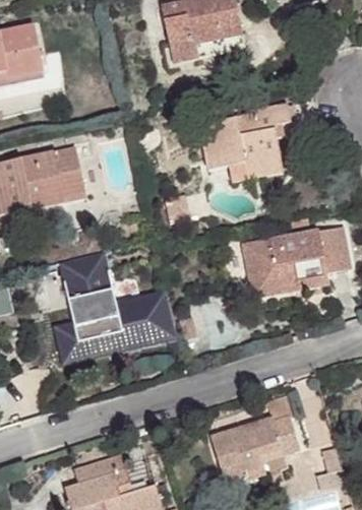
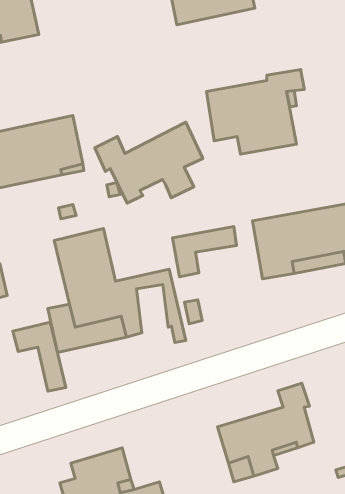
building: none -> [95,122,203,203]
building: none -> [172,227,237,277]
building: none -> [13,322,66,391]

